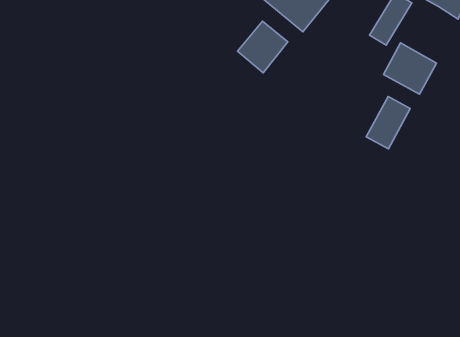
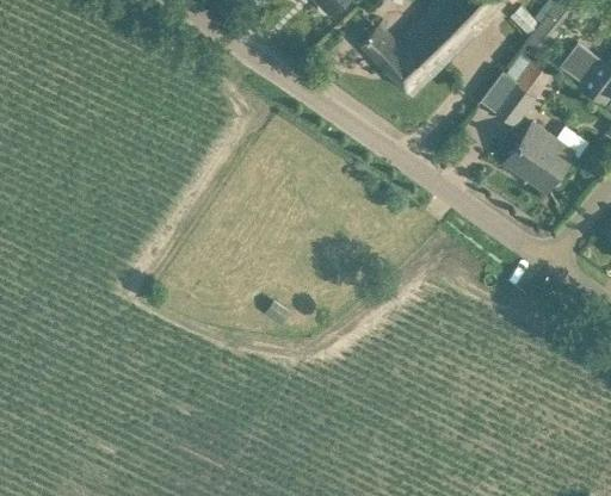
building: [237,21,288,73] -> none
building: [366,96,410,149] -> none

